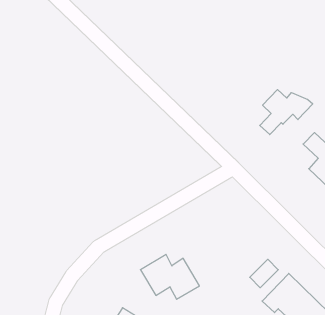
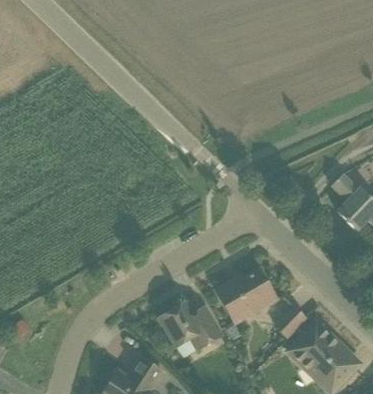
building: [260,90,313,135] -> none
building: none -> [217,270,278,323]

